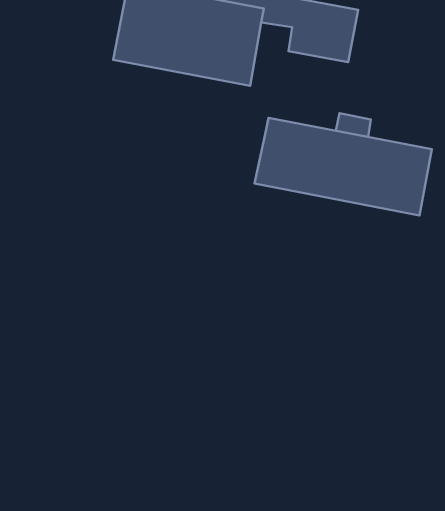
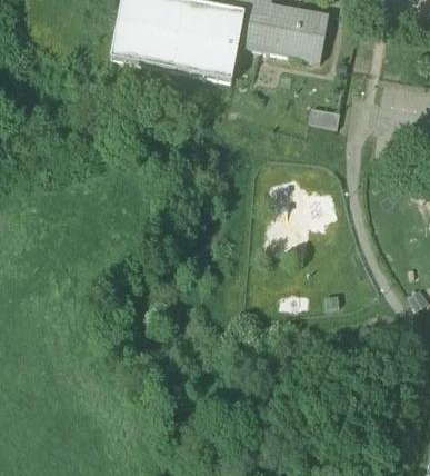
building: [255,118,432,215] -> none

